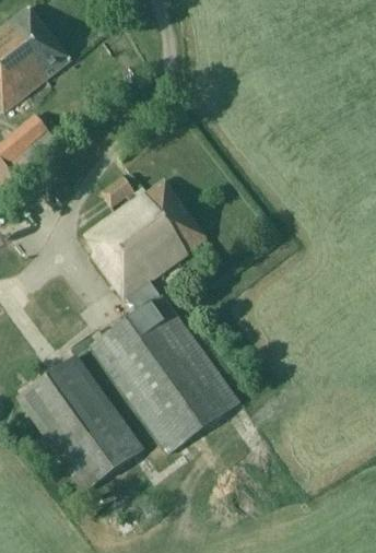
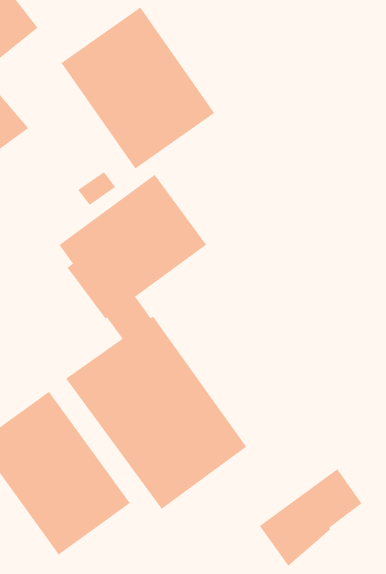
building: none -> [61,7,215,169]
building: none -> [259,468,362,567]

